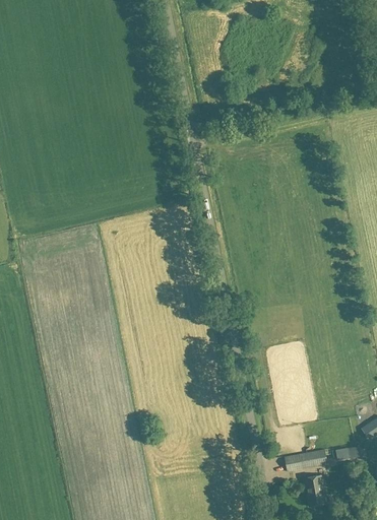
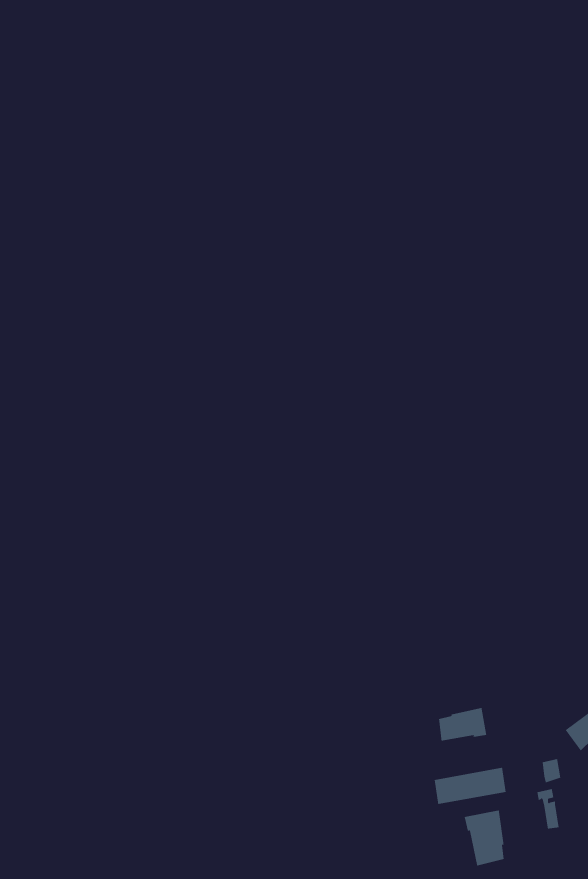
building: none -> [438,707,487,742]

